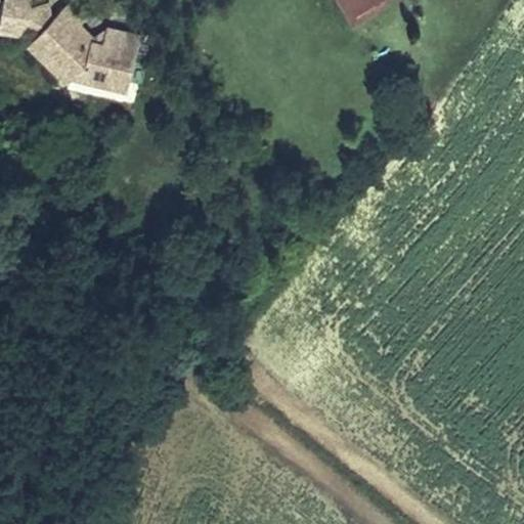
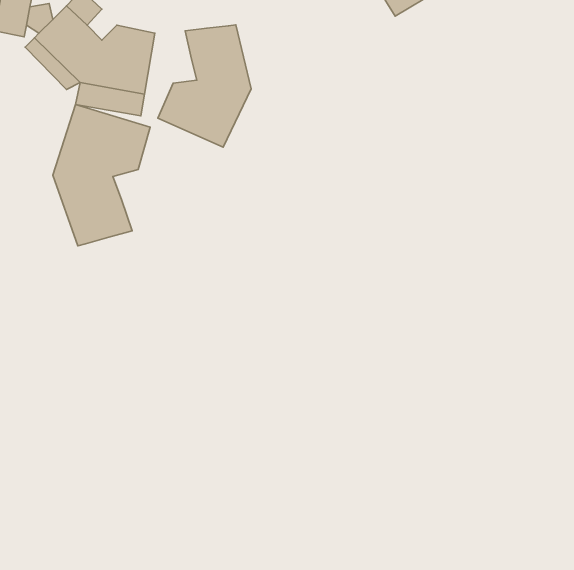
building: none -> [158,25,251,147]
building: none -> [53,104,150,246]

